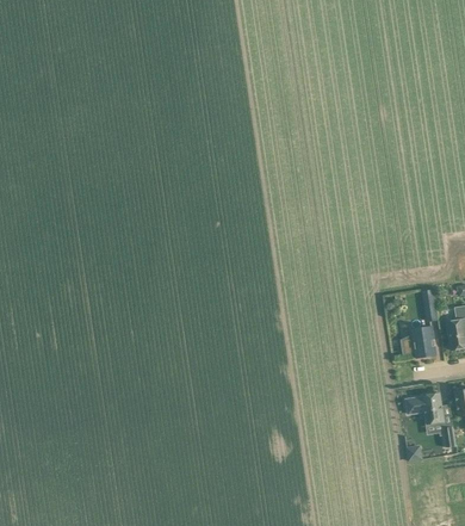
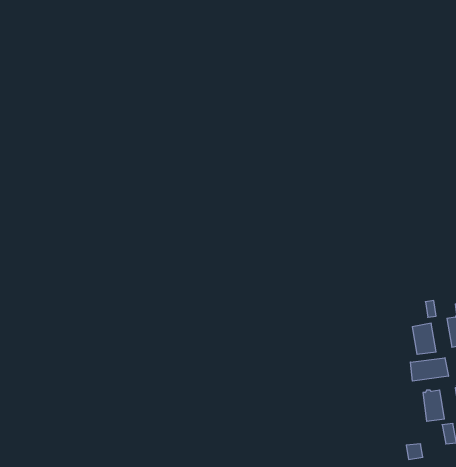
building: none -> [410,358,448,381]

